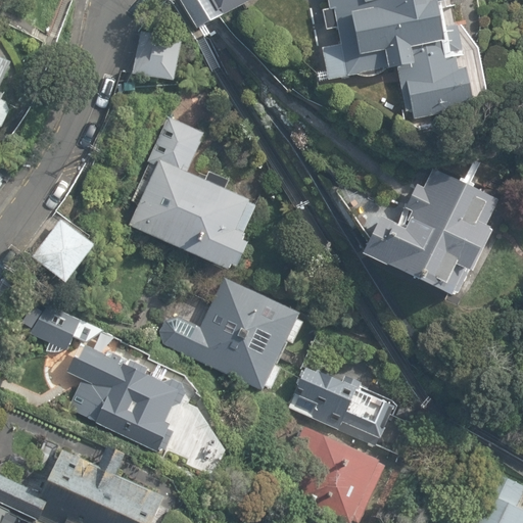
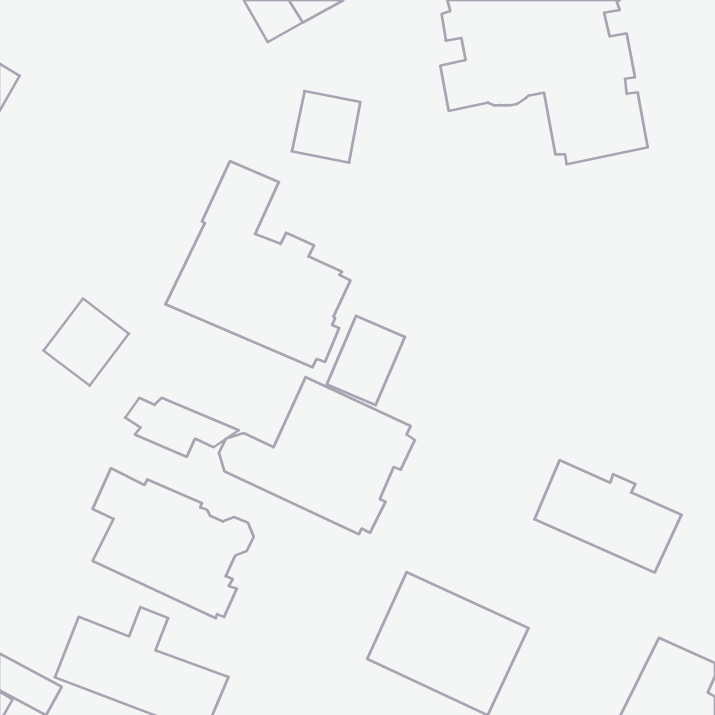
building: [131,32,181,84] -> [292,91,360,163]
building: [361,162,510,299] -> none
building: none -> [327,316,405,405]
building: [21,307,104,350] -> [125,398,239,457]
building: [287,365,394,446] -> [534,460,682,572]

